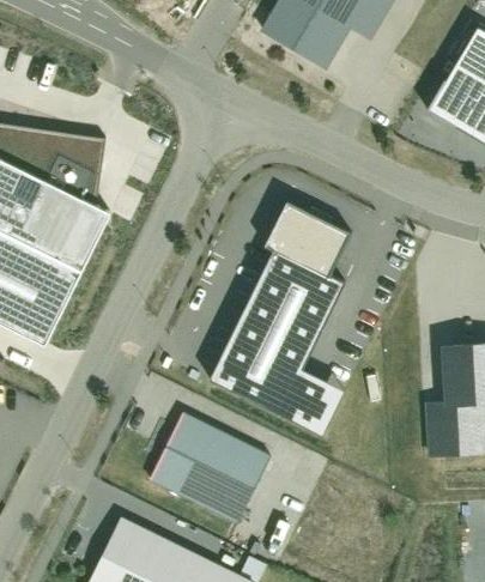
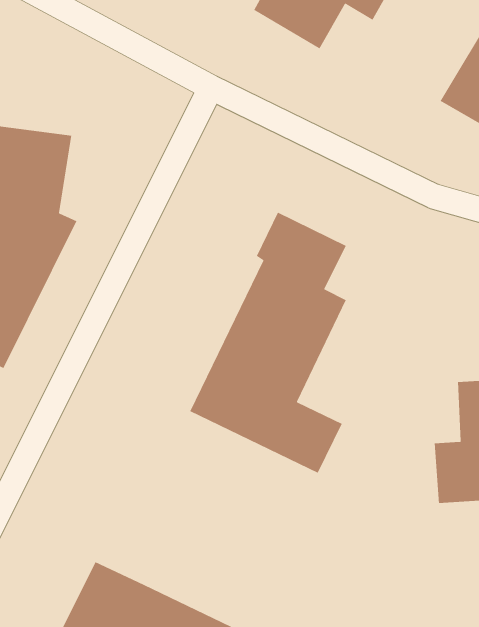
building: [148,418,267,521] -> none

